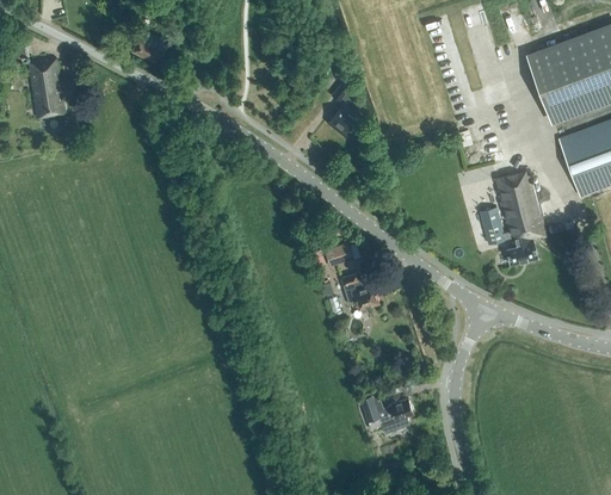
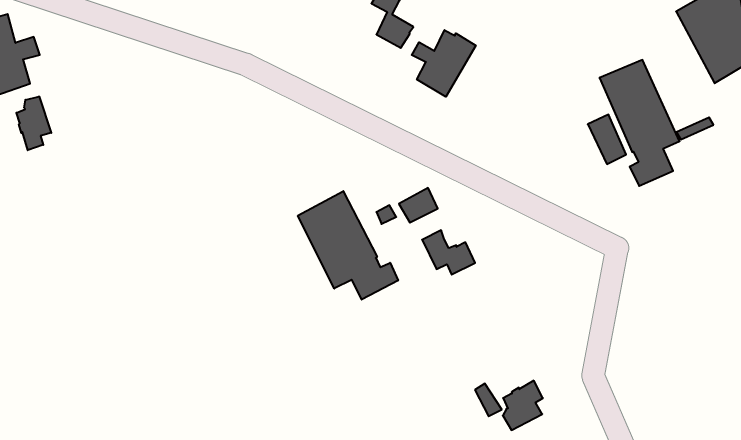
building: none -> [412,30,476,97]
building: none -> [16,96,51,150]
building: none -> [298,191,398,300]

